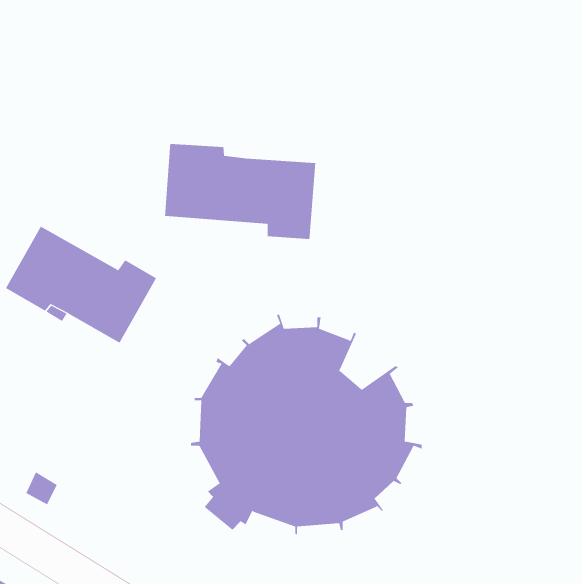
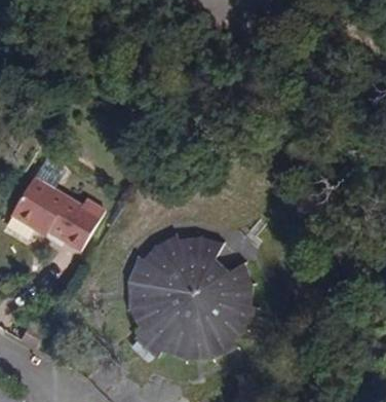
building: [164,143,316,240] -> none

